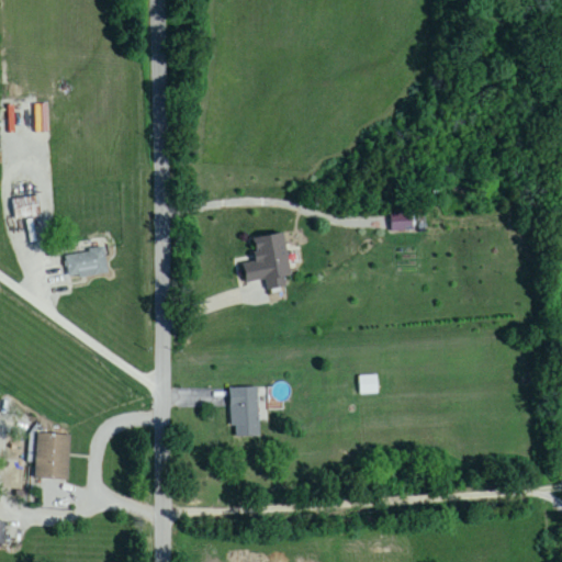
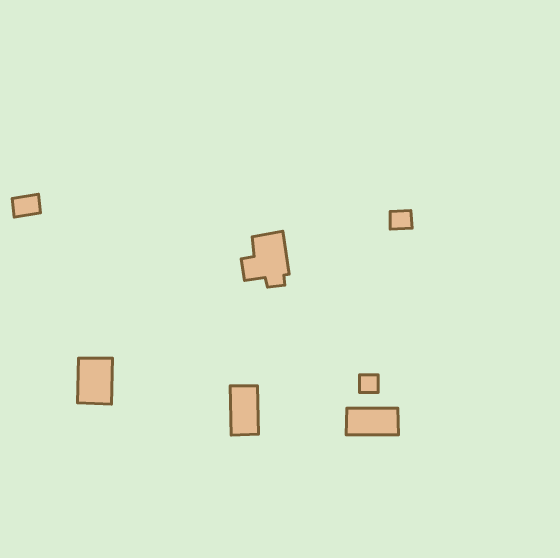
building: [65,247,108,278] -> none
building: none -> [346,408,398,435]
building: [35,432,70,479] -> [77,358,112,404]

